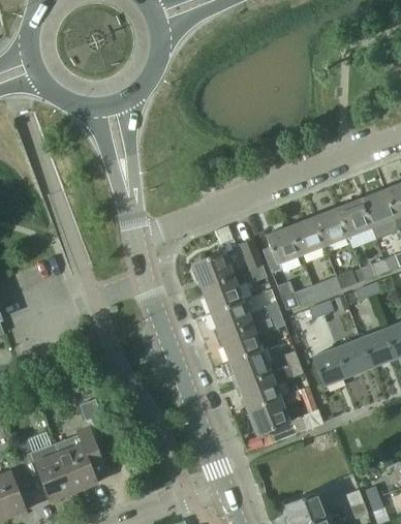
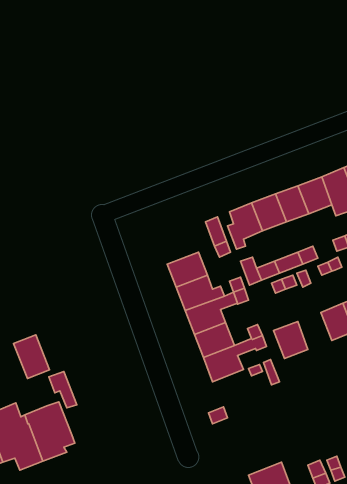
building: [192,251,234,288] -> none
building: [336,338,371,376] -> none
building: none -> [14,335,50,378]
building: [248,397,307,441] -> none

